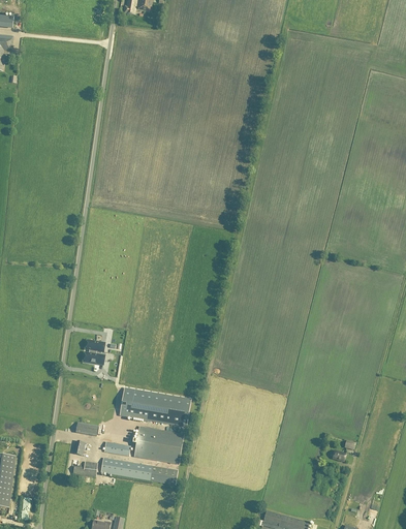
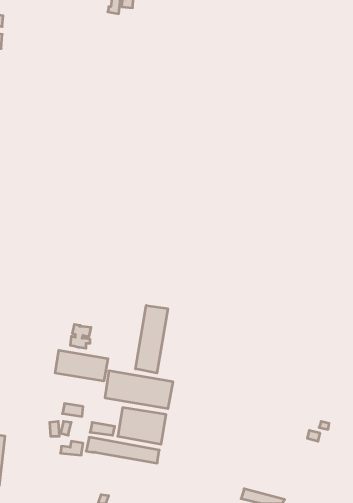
building: none -> [136,305,168,373]
building: none -> [55,350,108,381]

